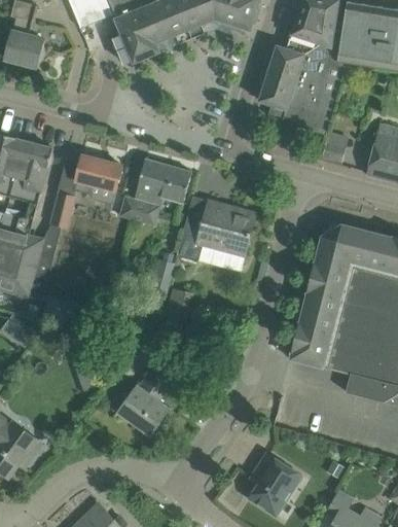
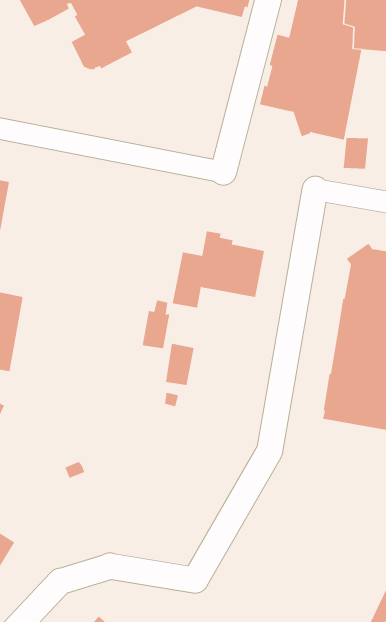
building: [74,154,121,204] -> none
building: [120,157,191,218] -> none
building: [49,192,75,227] -> none
building: [116,359,177,435] -> none
building: [249,452,300,514] -> none

